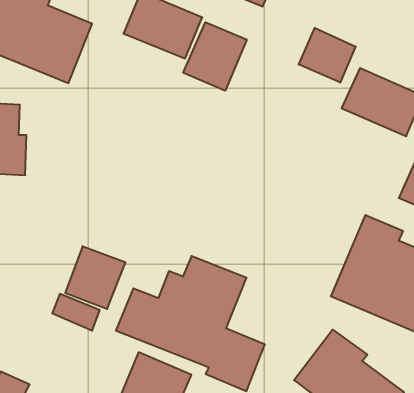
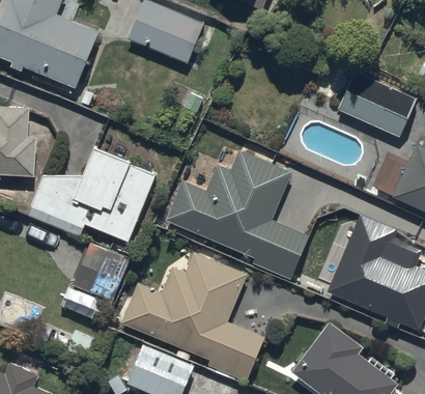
building: [183,22,247,91] -> none
building: [299,28,356,83] -> none
building: none -> [26,148,154,242]
building: none -> [165,151,308,280]

